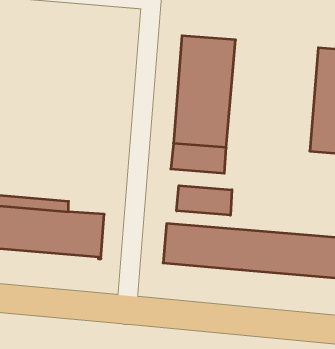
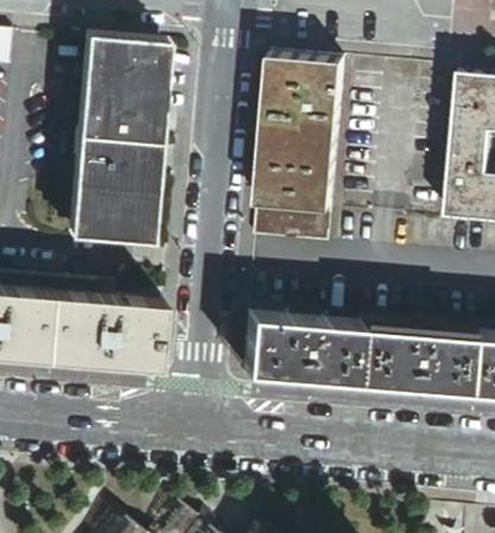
building: none -> [71,44,161,241]
building: [177,186,232,215] -> none

